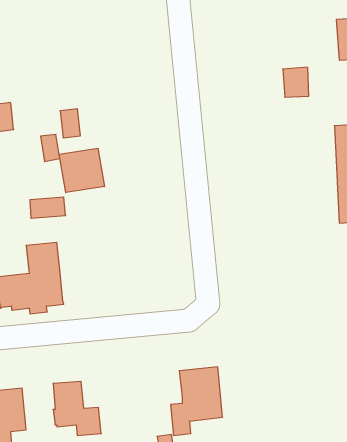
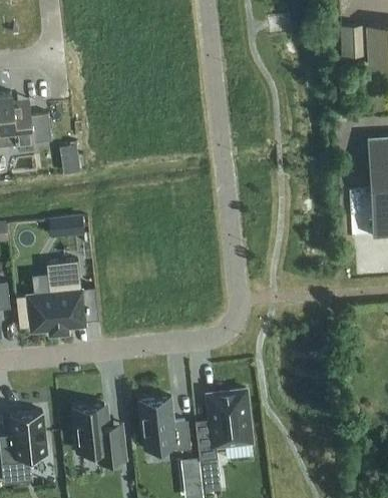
building: [283,67,309,97] -> [340,24,367,55]
building: [60,109,80,138] -> [30,112,51,142]
building: [59,148,104,193] -> none
building: none -> [138,397,190,449]

